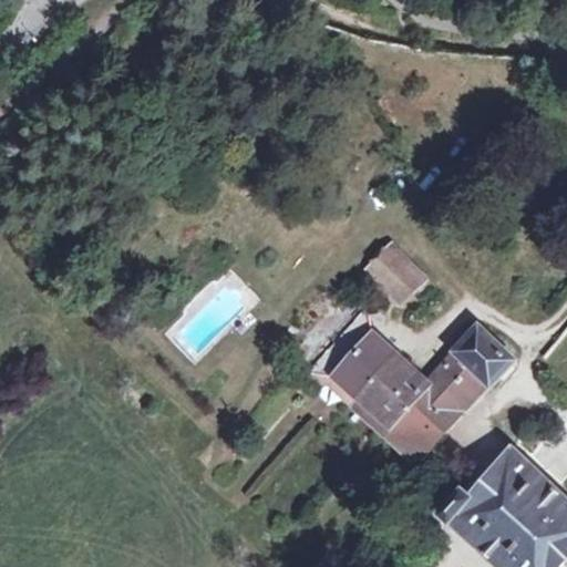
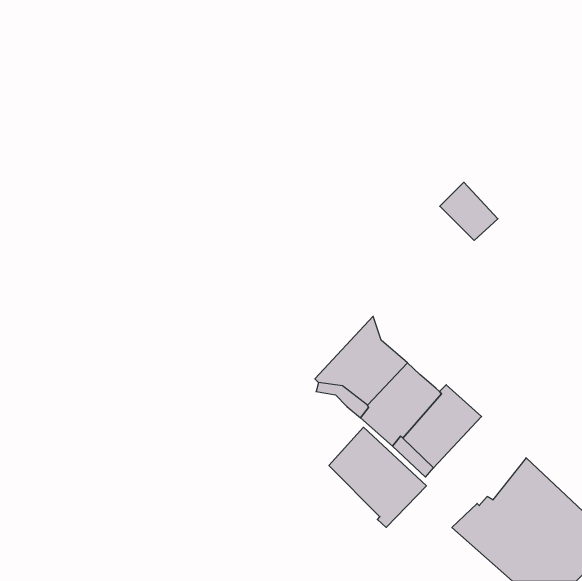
building: [369,244,425,300] -> [440,182,498,240]
building: [434,326,515,405] -> none
building: none -> [329,427,426,527]

